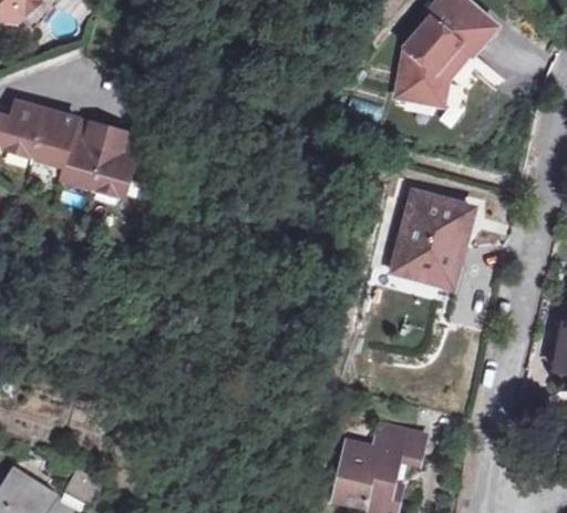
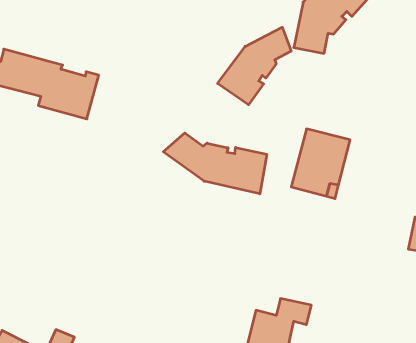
building: none -> [218,27,291,105]
building: none -> [163,133,267,194]

